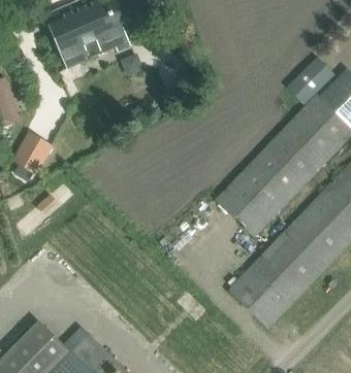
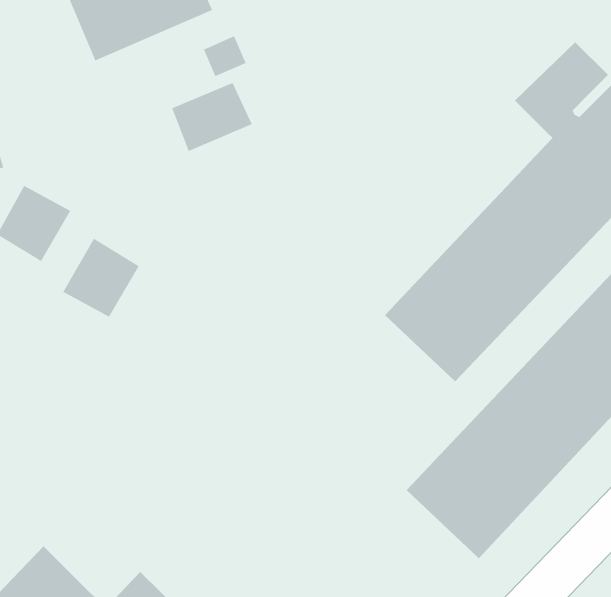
building: none -> [171,82,253,152]
building: none -> [62,238,140,317]

